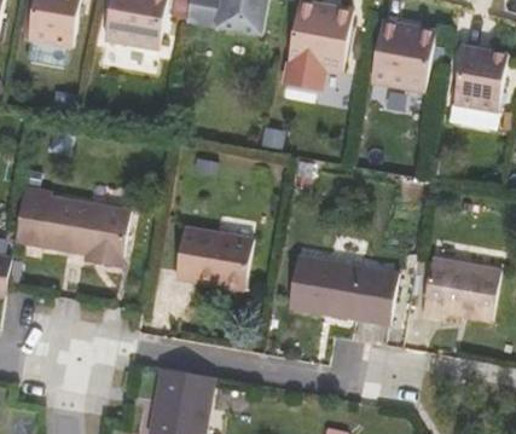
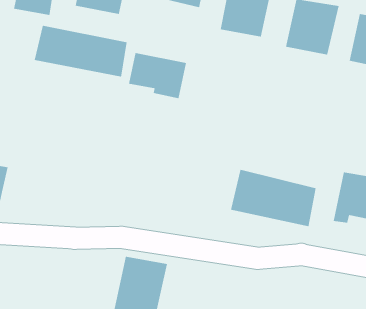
building: [16,187,135,254] -> [34,25,128,77]
building: [184,214,259,273] -> [128,53,187,99]

